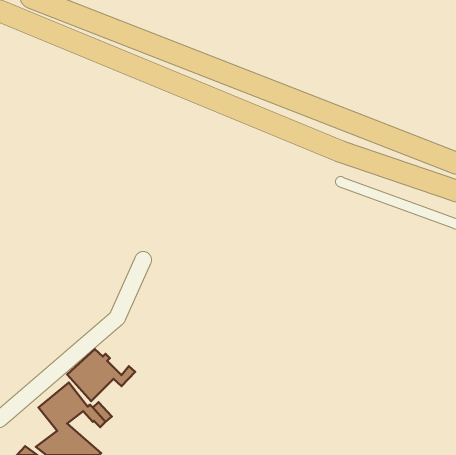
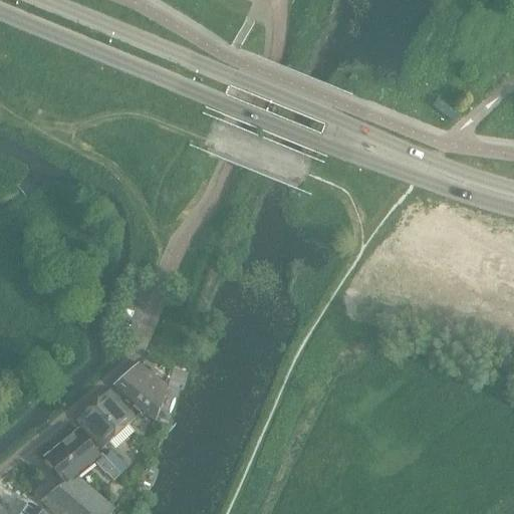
building: none -> [112,362,166,420]

